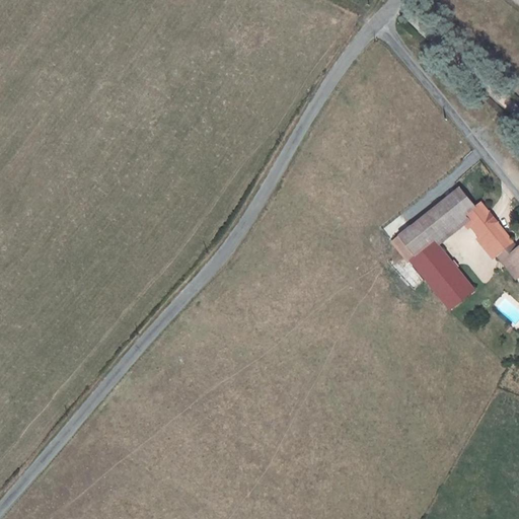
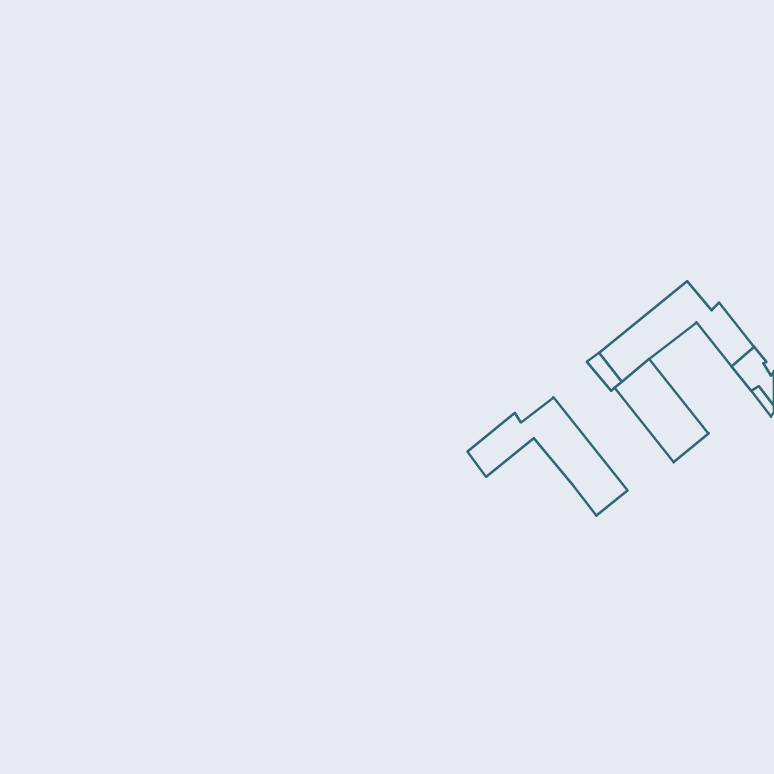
building: none -> [468,397,627,516]

